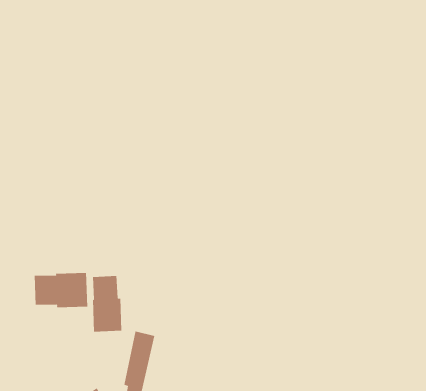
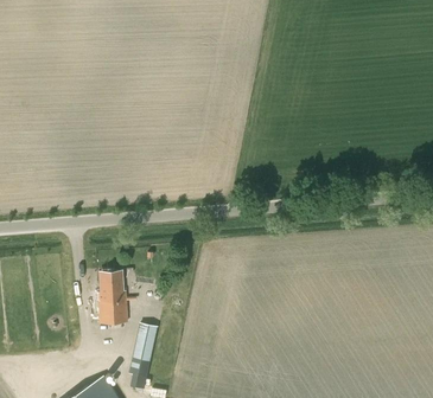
building: [34,272,88,308] -> none

